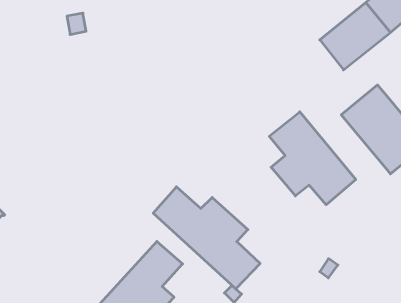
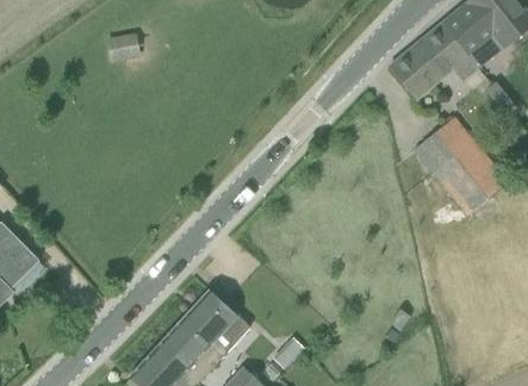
building: [269,112,356,205] -> none
building: [153,187,260,289] -> none

